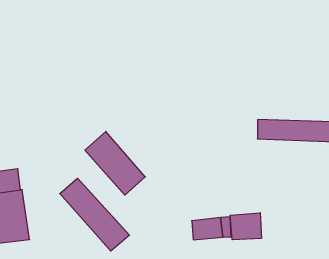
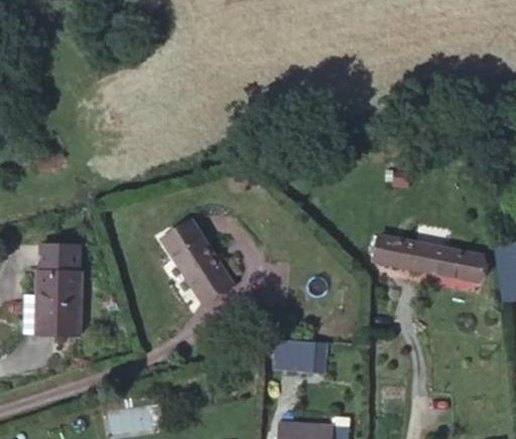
building: [60,178,129,251] -> none
building: [230,213,261,240] -> none

